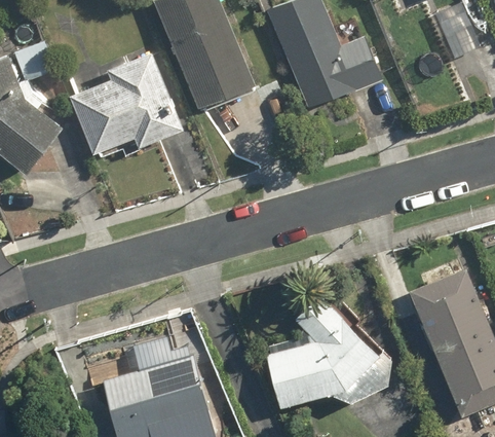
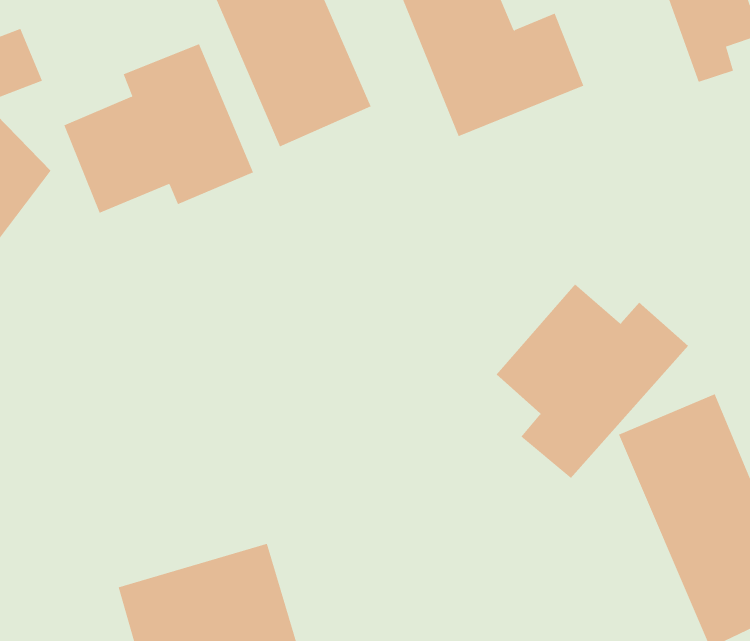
building: none -> [496,283,689,479]
building: [265,297,392,408] -> none

